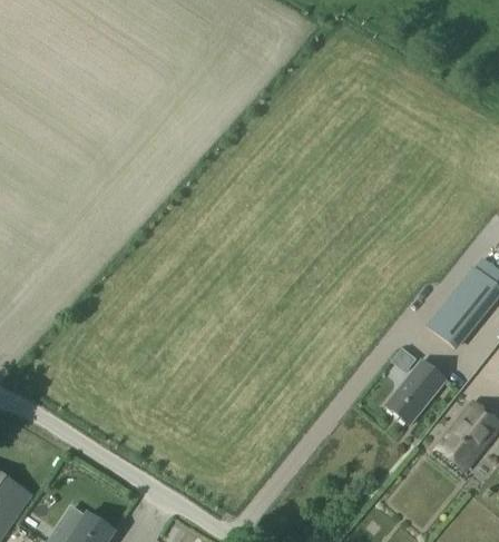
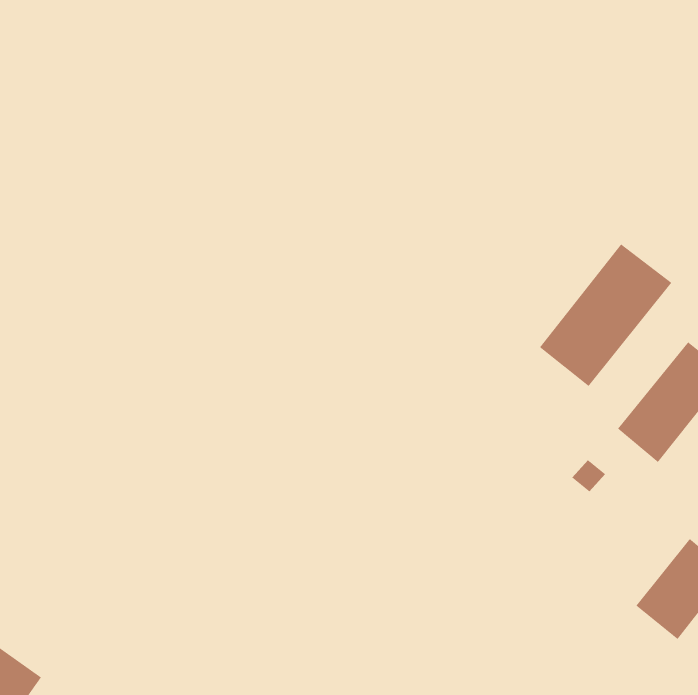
building: none -> [539,244,672,387]
building: [385,359,447,425] -> none

